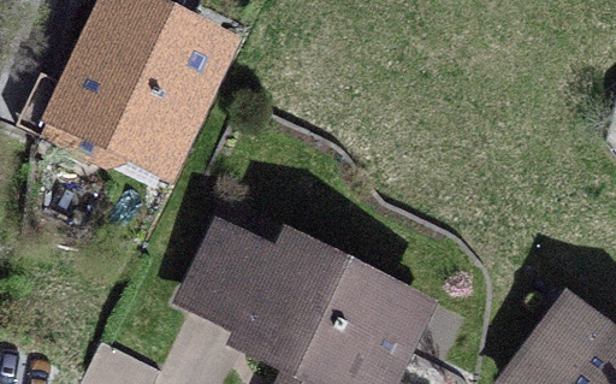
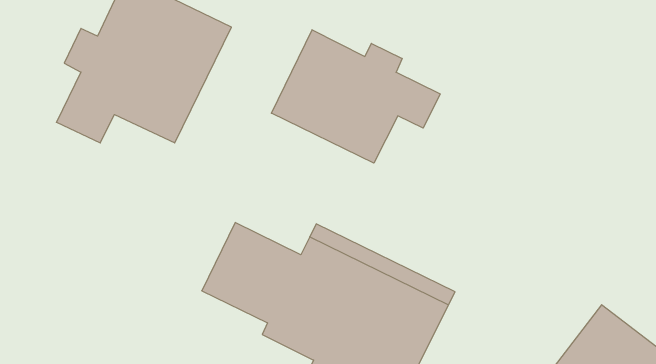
building: none -> [271,30,440,163]

